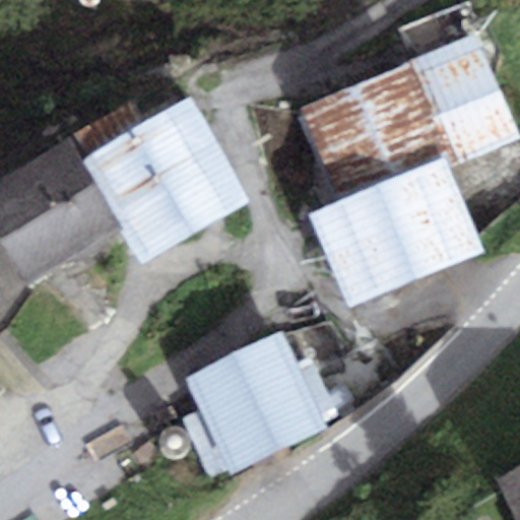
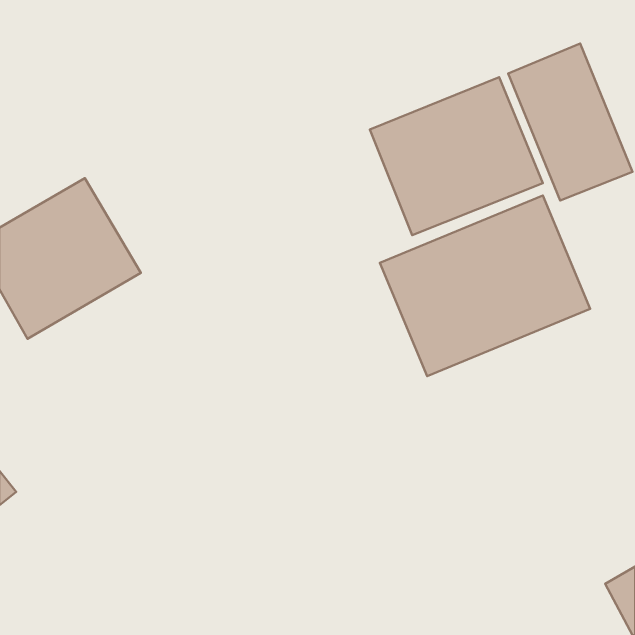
building: [85,98,247,256] -> none
building: [184,332,327,474] -> none

